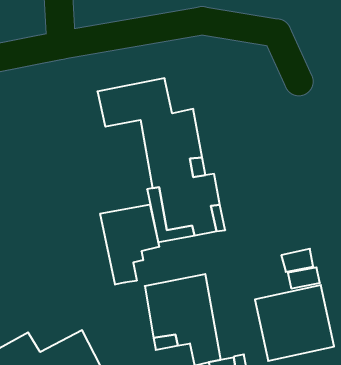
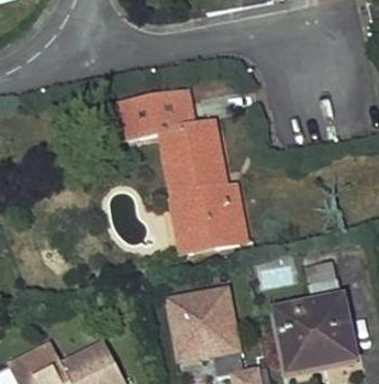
building: [100,204,159,285] -> none

